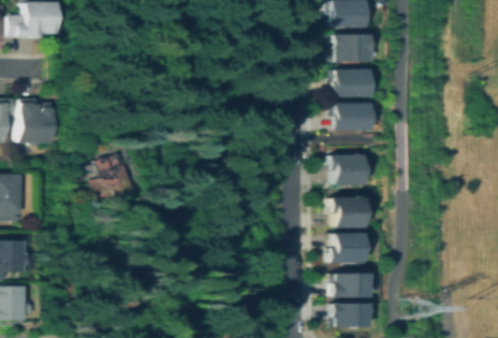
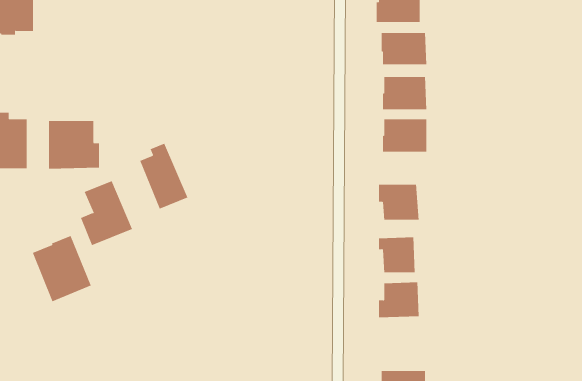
building: none -> [49,120,100,170]
building: none -> [139,143,188,209]
building: none -> [32,235,92,302]
building: [334,272,371,296] -> none

